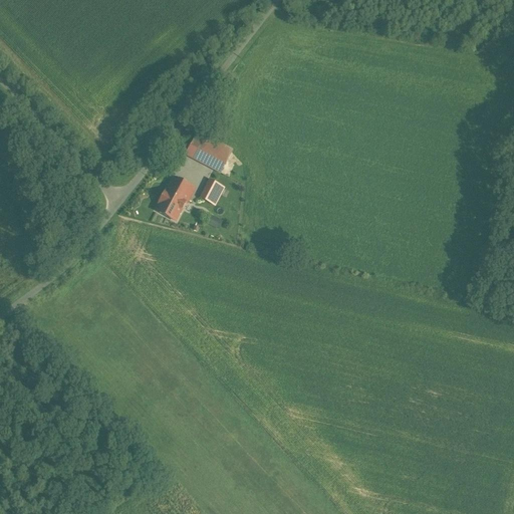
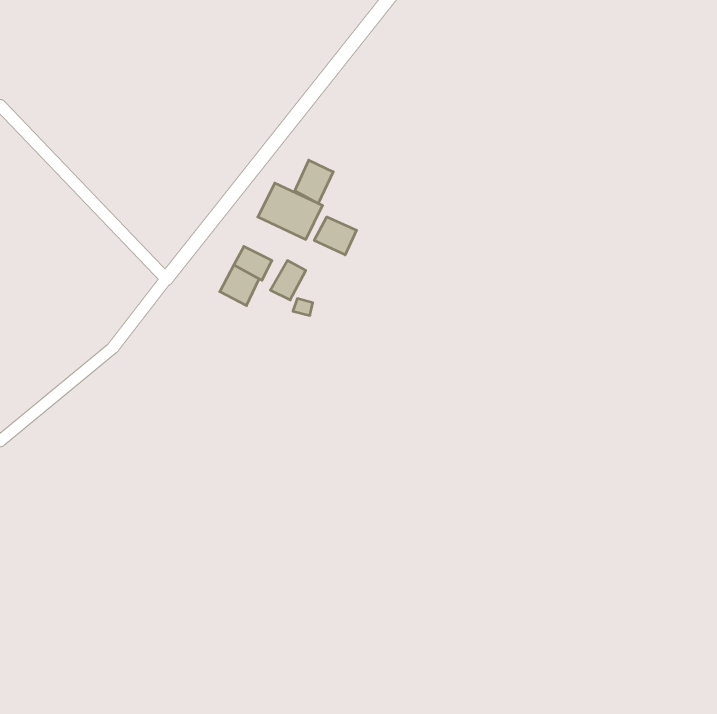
building: none -> [295,160,333,204]
building: none -> [314,217,357,255]

